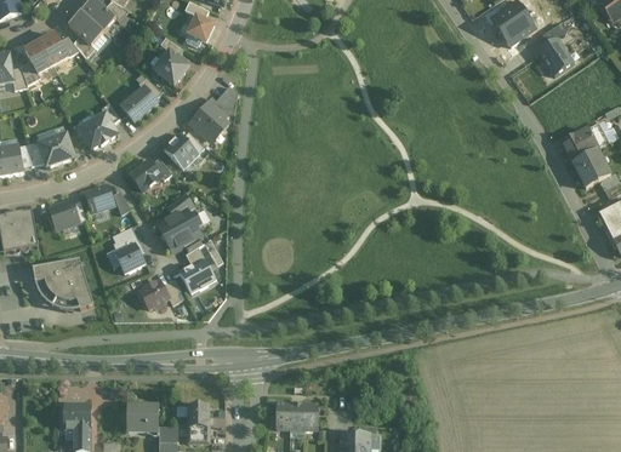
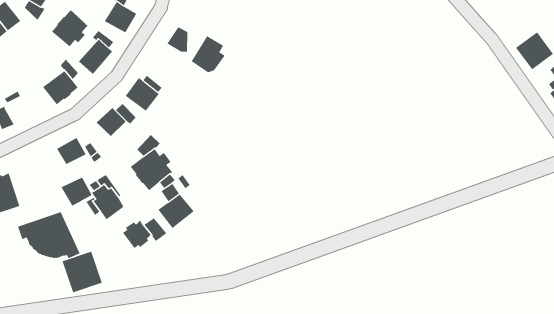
building: none -> [51,9,89,48]
building: [190,99,227,138] -> [191,35,225,73]
building: [560,122,608,161] -> none
building: [38,133,73,166] -> none
building: [47,200,79,229] -> [61,177,92,207]
building: none -> [62,251,103,293]

